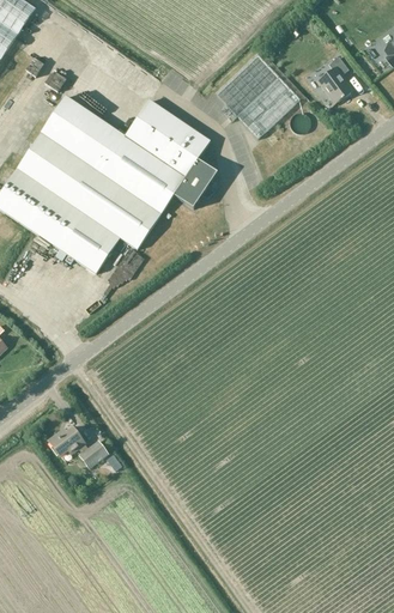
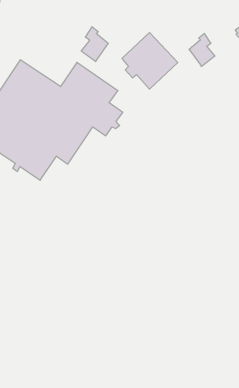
building: none -> [81,27,108,62]
building: [48,427,108,468] -> none

